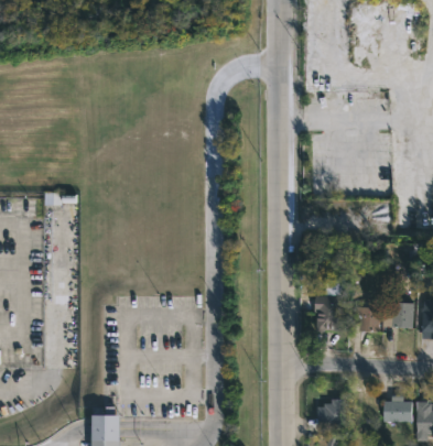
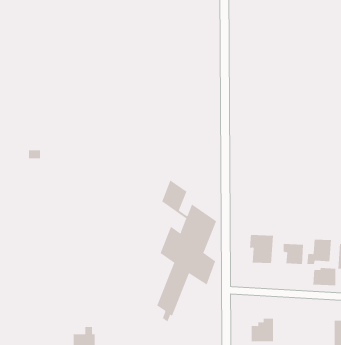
building: none -> [157,179,217,322]
building: [381,399,410,421] -> [313,268,336,286]

